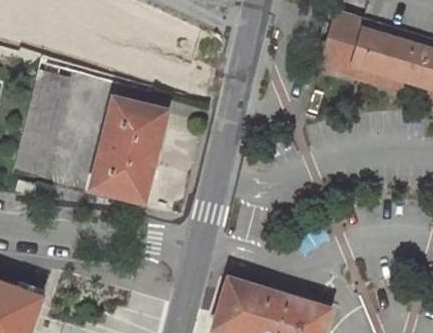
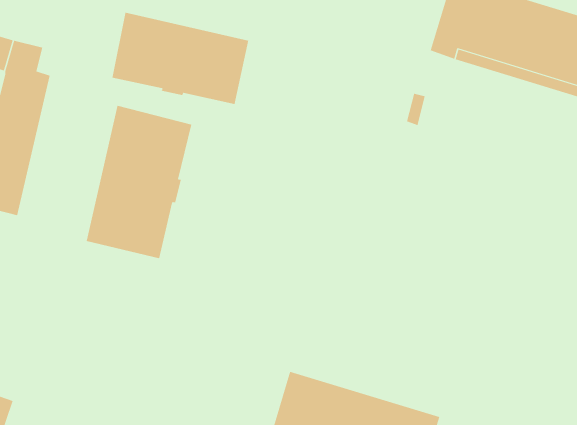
building: none -> [112,12,249,105]

